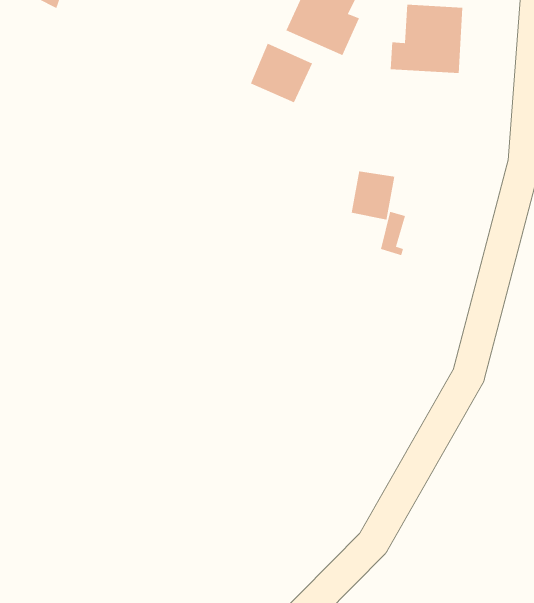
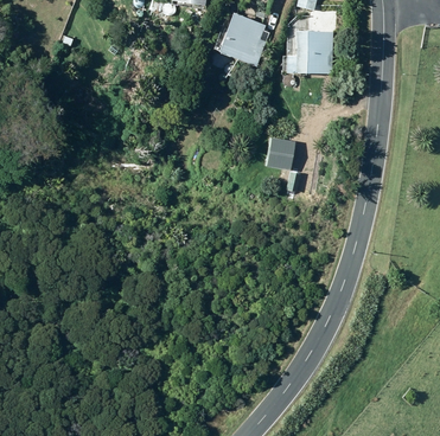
building: [250,43,313,103] -> none

